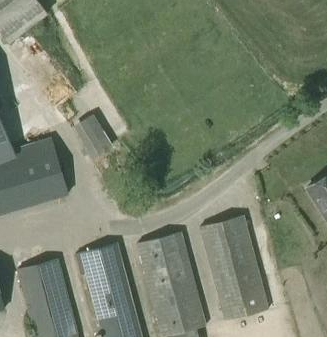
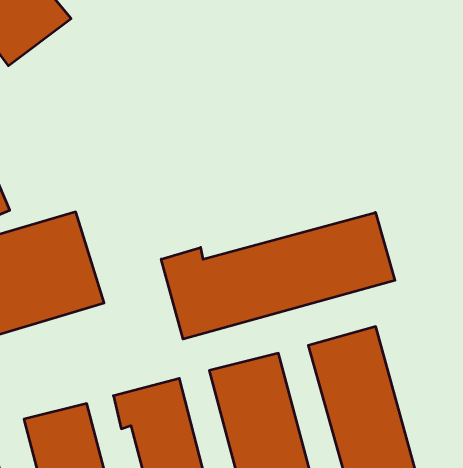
building: [72,115,112,159] -> none
building: none -> [161,212,395,339]

